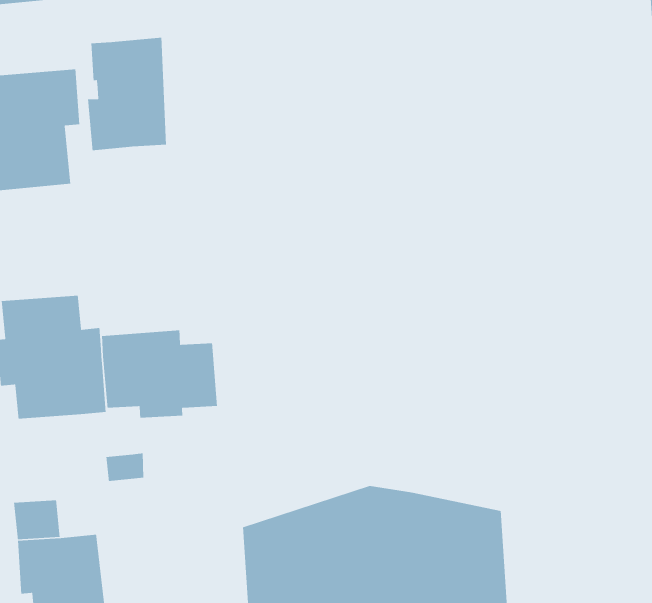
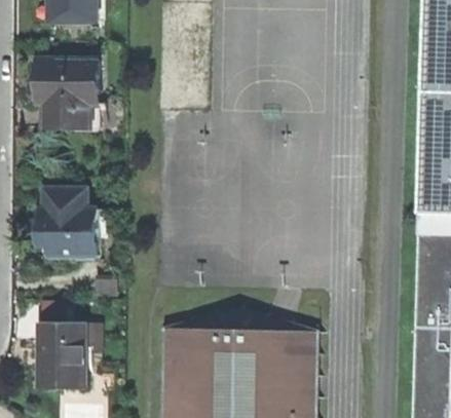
building: [87,37,167,151] -> none
building: [101,329,218,419] -> none

